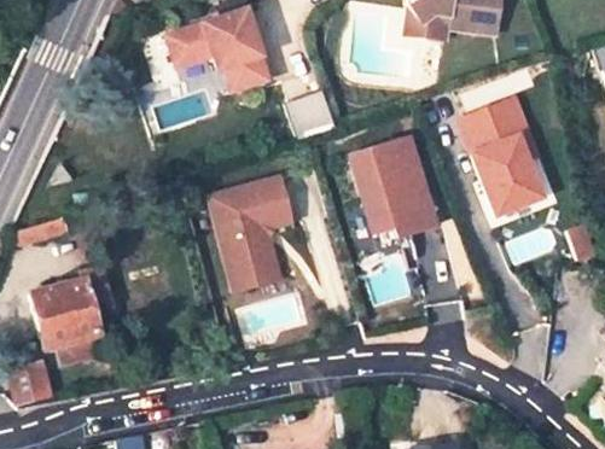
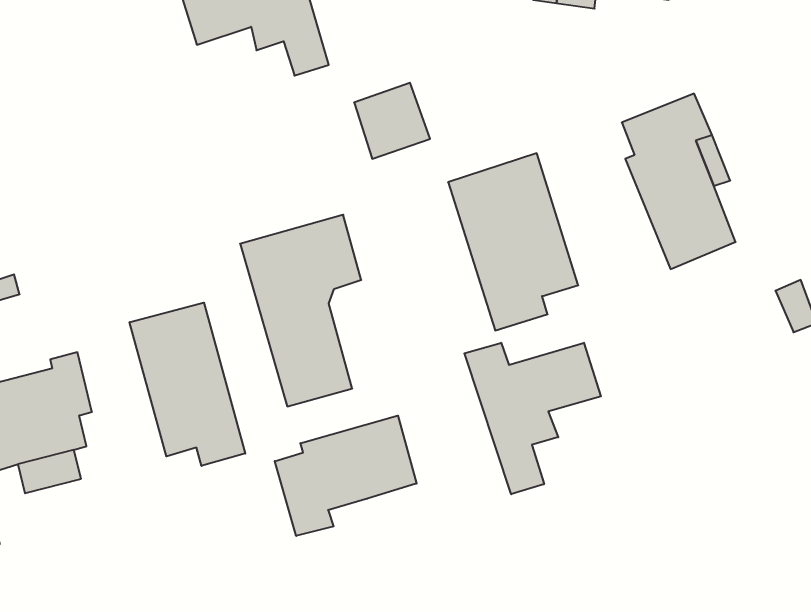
building: none -> [130,303,245,466]
building: none -> [464,343,601,494]
building: none -> [275,416,417,536]

